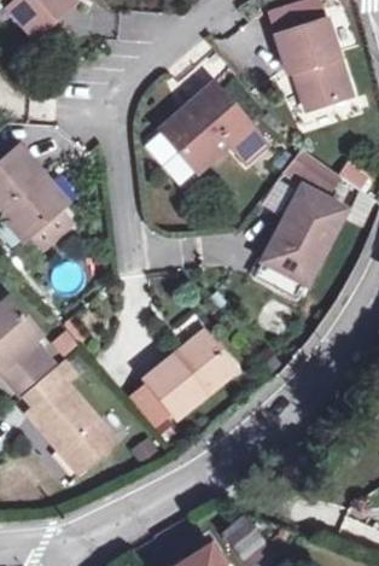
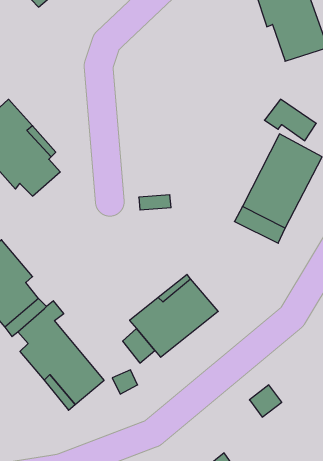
building: [162,84,264,169] -> none

